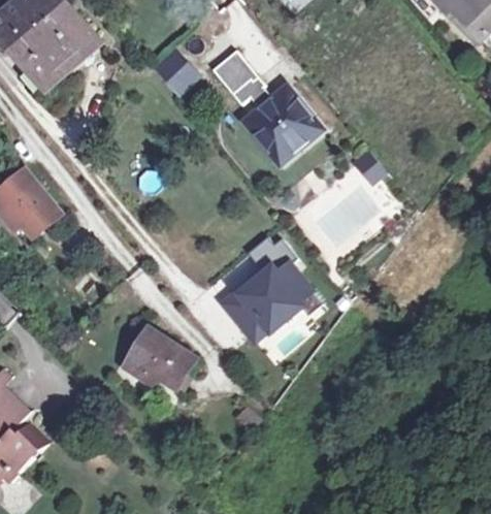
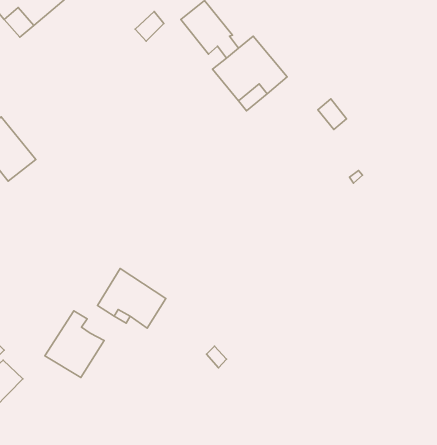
building: [221,234,310,341] -> none
building: none -> [45,311,104,378]

